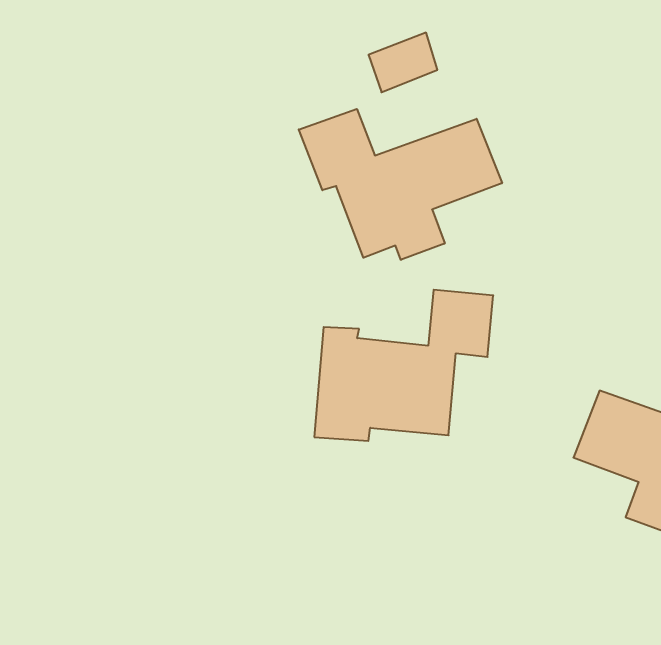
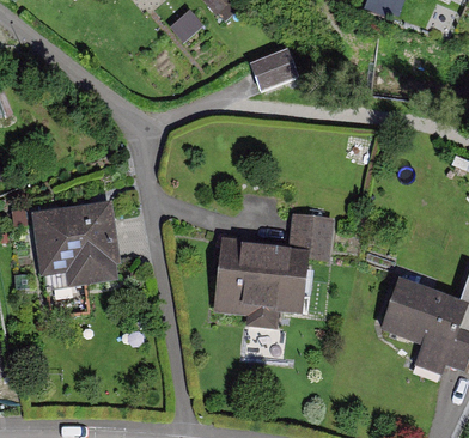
building: [299,109,502,260] -> none
building: none -> [30,202,120,287]

